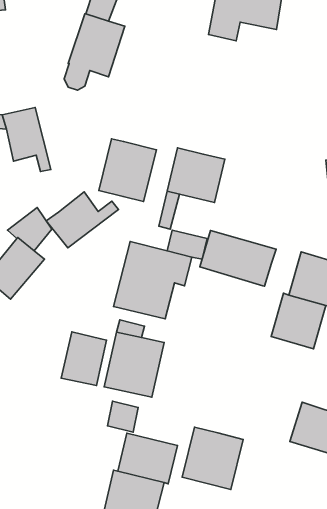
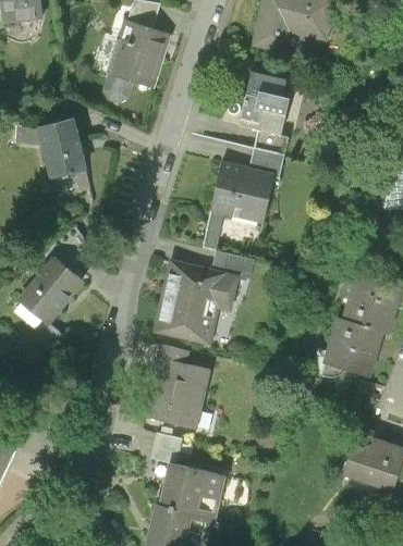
building: none -> [240,71,289,133]
building: none -> [249,148,284,177]
building: [99,139,156,201] -> none
building: [46,192,119,248] -> none
building: [200,230,276,286] -> none
building: [61,332,106,385] -> none
building: [182,427,243,489] -> none

